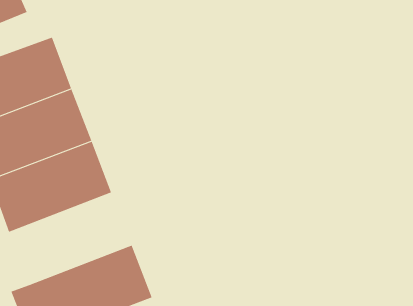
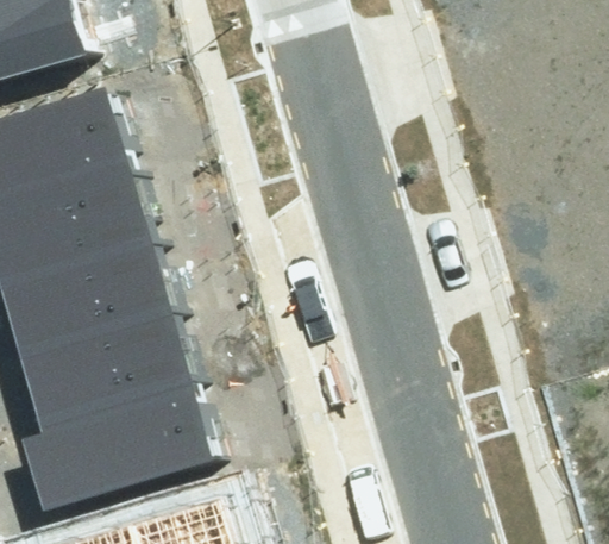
building: none -> [21,309,192,429]

